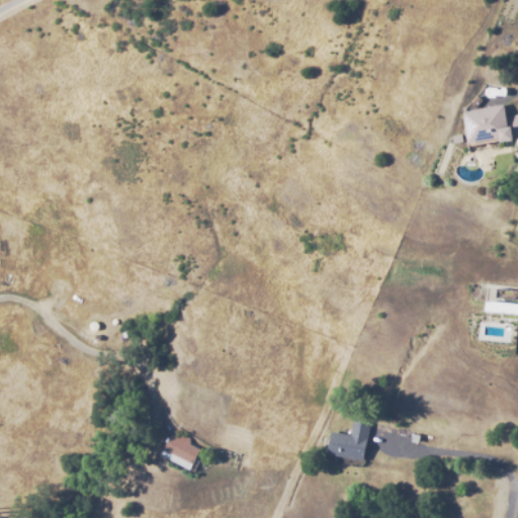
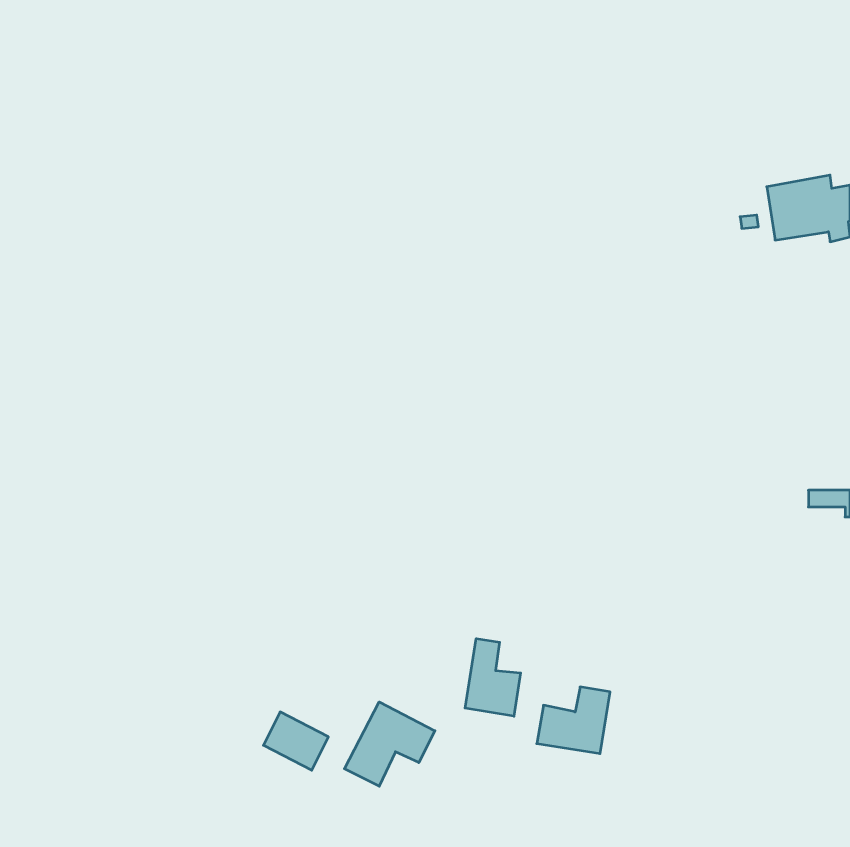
building: none -> [465,639,521,716]
building: none -> [344,702,435,786]

